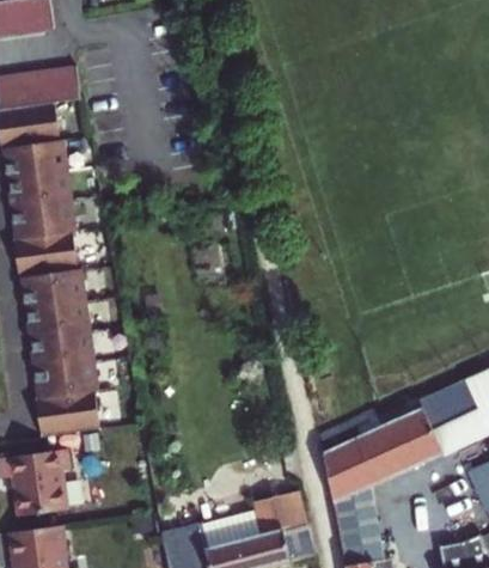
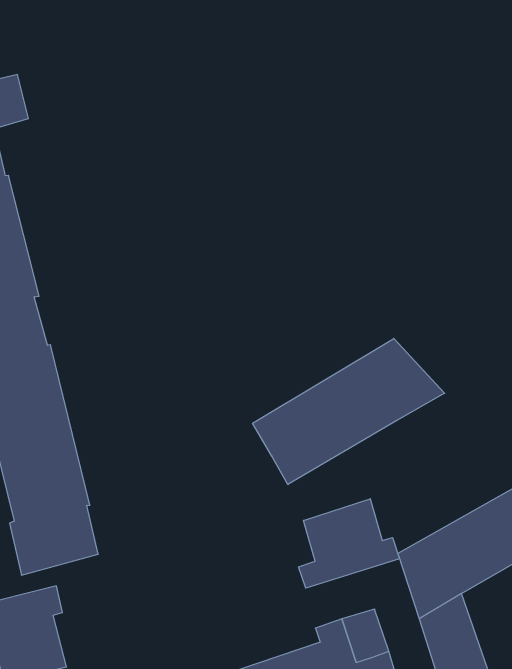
building: none -> [253,338,445,485]
building: none -> [299,499,400,588]

